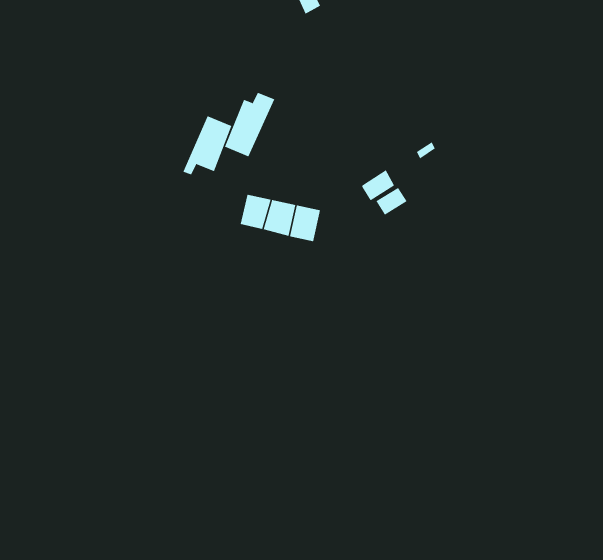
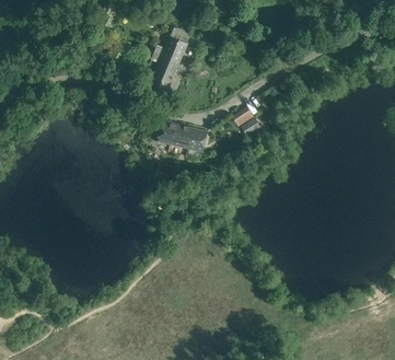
building: [183,115,232,175] -> [159,27,189,65]

